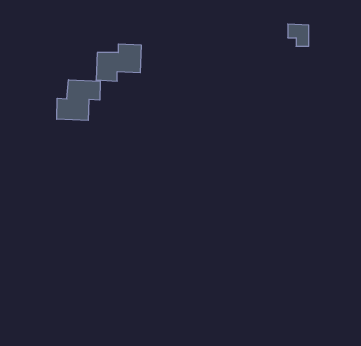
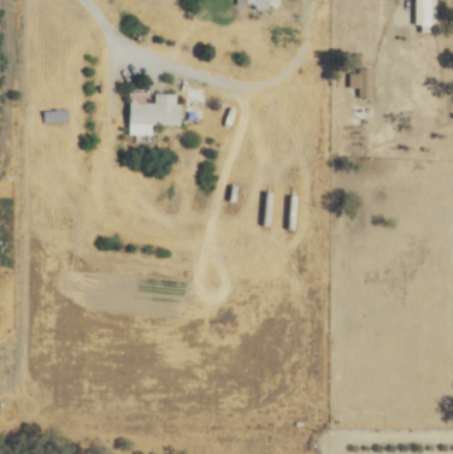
building: [57,80,100,120] -> none

